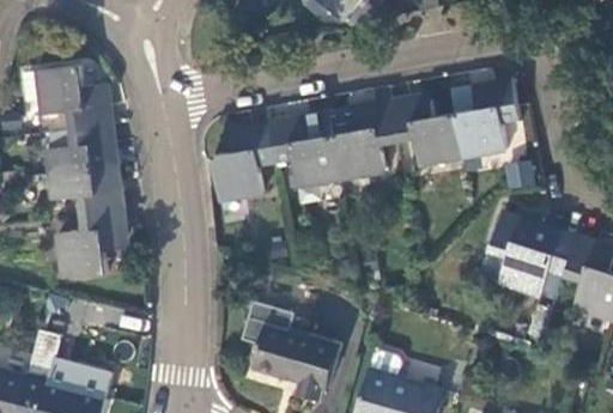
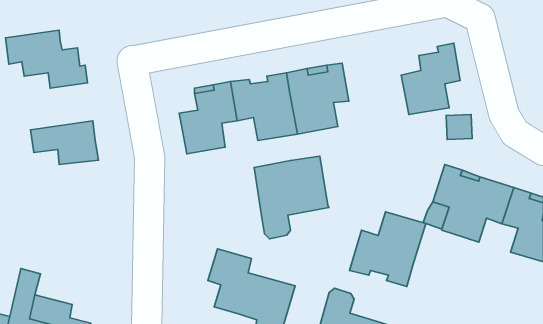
building: [390,98,463,165] -> none
building: [45,123,117,175] -> none
building: none -> [254,156,329,239]
building: [57,208,126,278] -> none
building: none -> [350,212,426,286]

